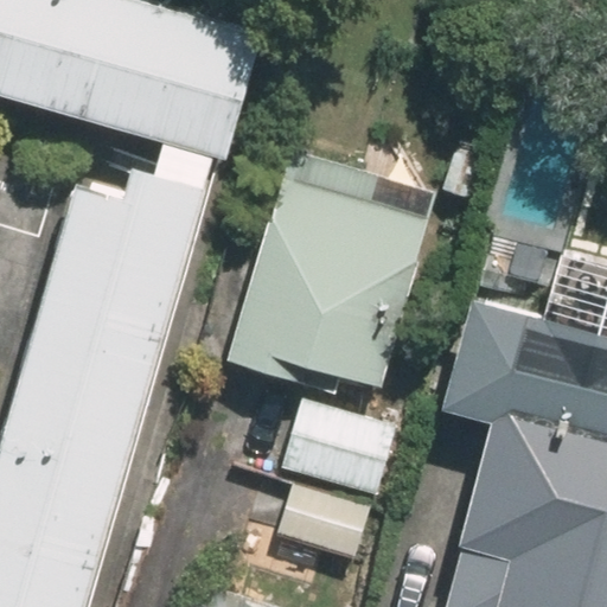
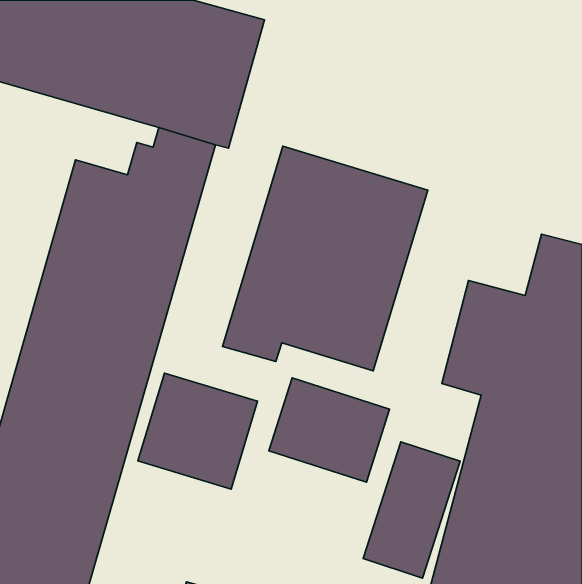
building: none -> [138,373,257,489]
building: none -> [363,442,460,578]

